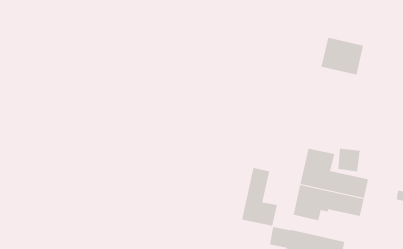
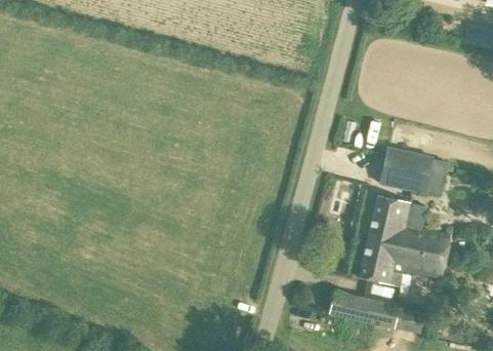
building: [321,37,364,75] -> [379,148,432,194]
building: [242,167,277,227] -> none

